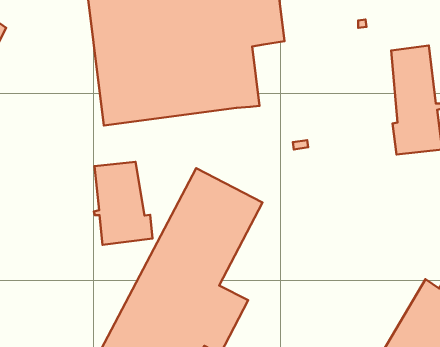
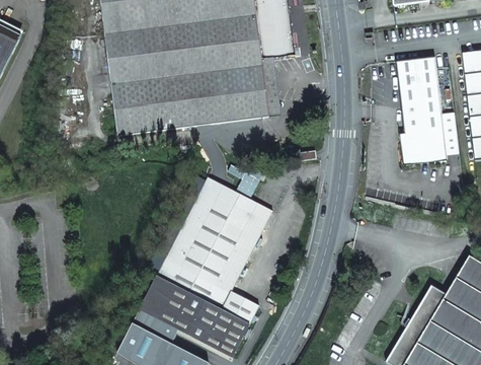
building: [94,162,153,245] -> none

